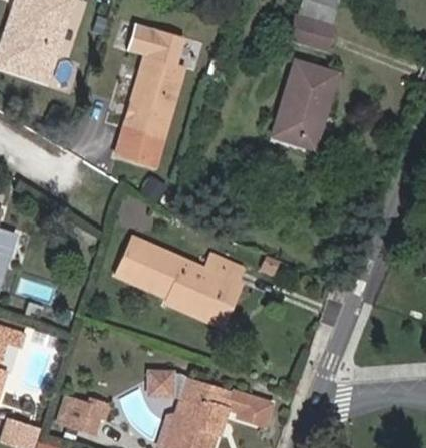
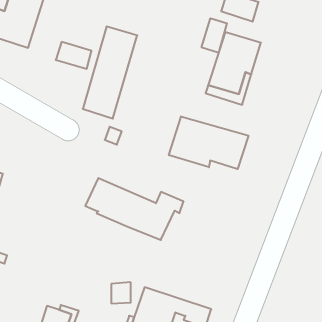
building: [145,31,189,64] -> [56,42,92,69]
building: none -> [202,18,227,53]
building: none -> [169,116,248,169]
building: [170,280,242,327] -> none

